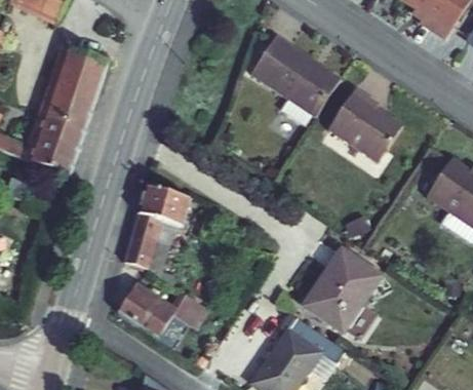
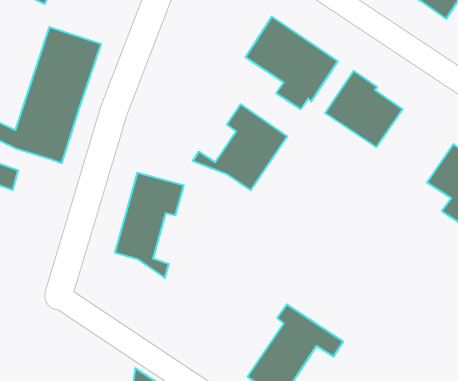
building: none -> [193,104,287,190]
building: [305,251,378,330] -> none
building: [117,288,208,340] -> none

